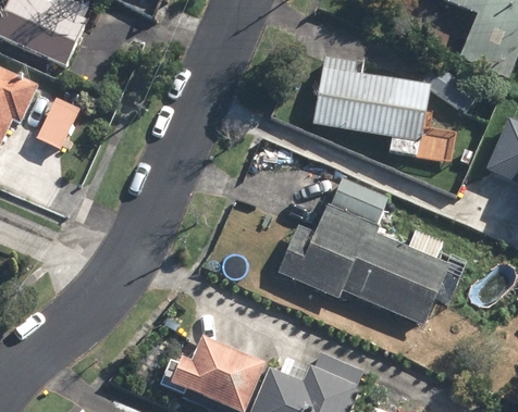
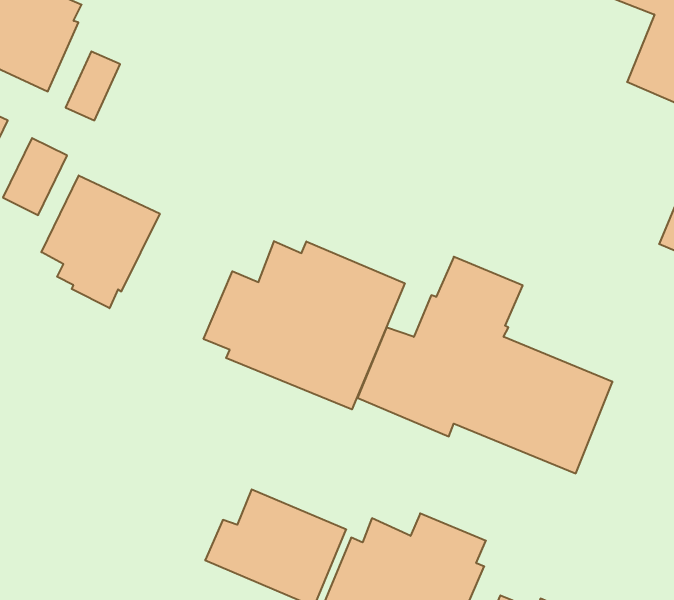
building: [312,57,432,154] -> none
building: none -> [41,175,160,308]
building: none -> [204,241,405,409]

